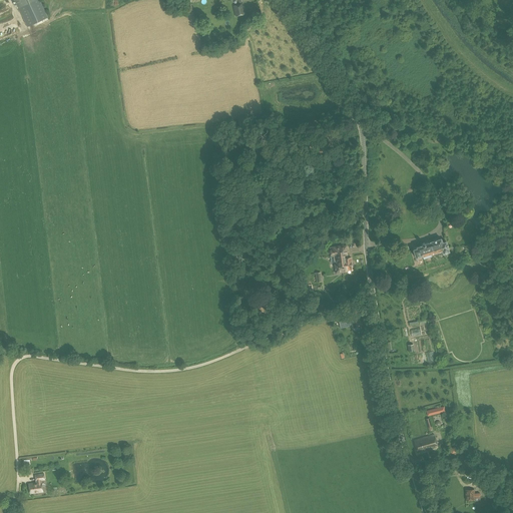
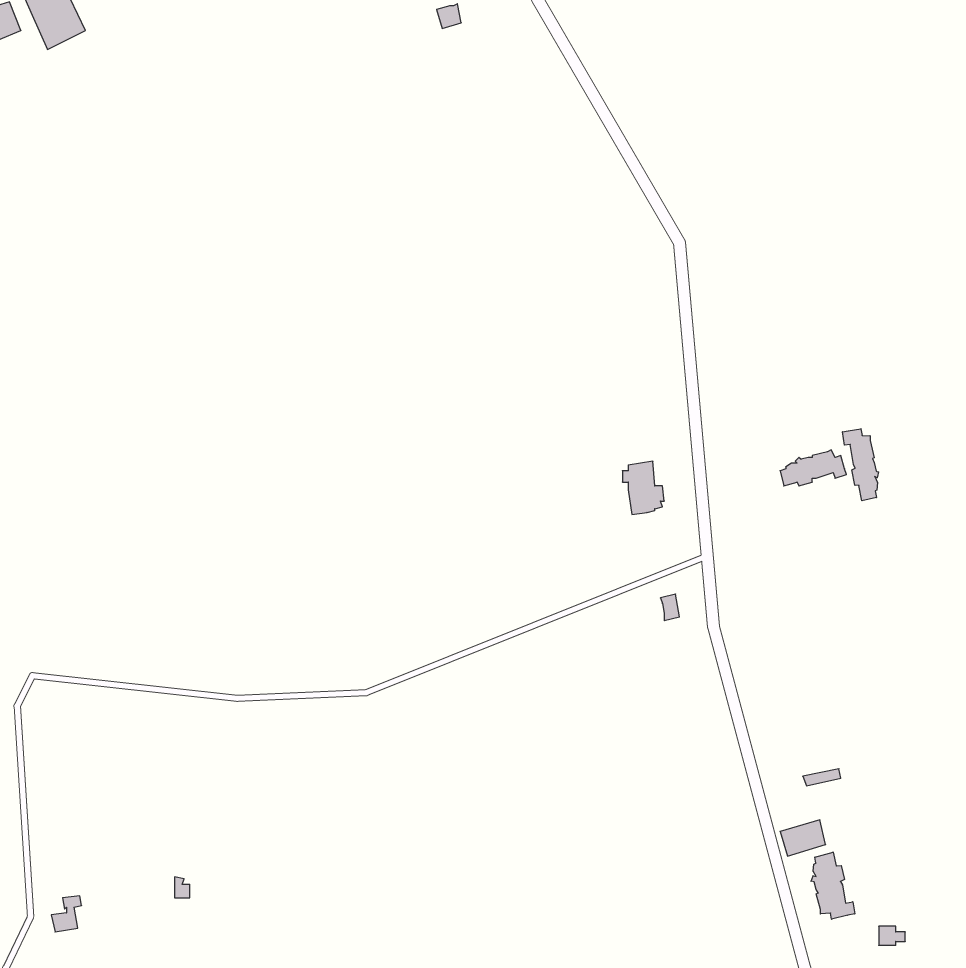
building: none -> [843,429,879,501]
building: none -> [811,852,855,919]

